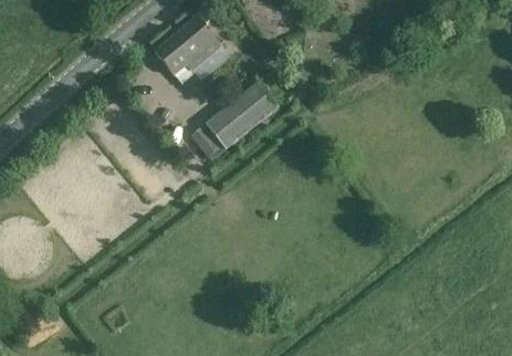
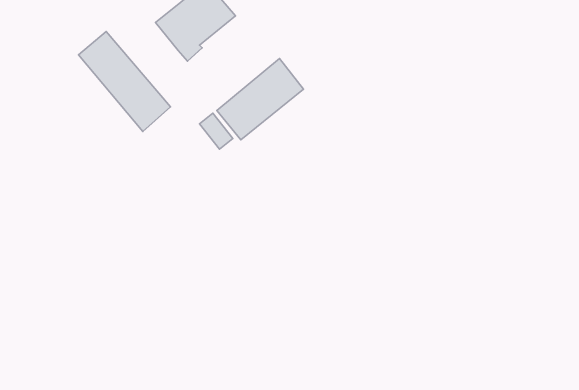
building: none -> [78,31,170,132]

